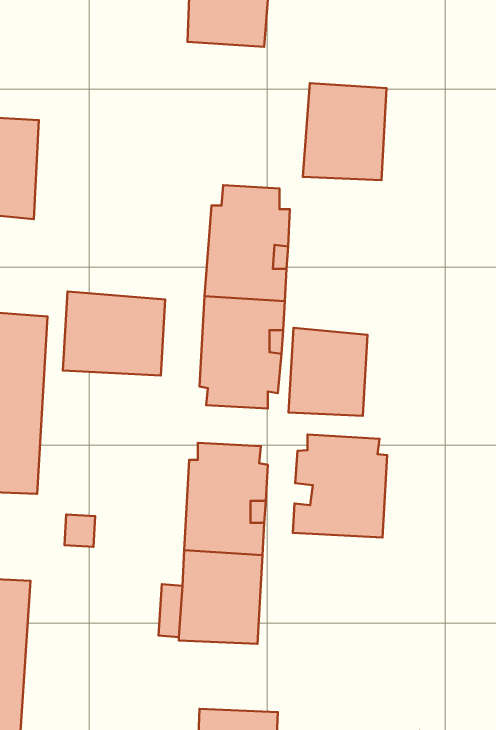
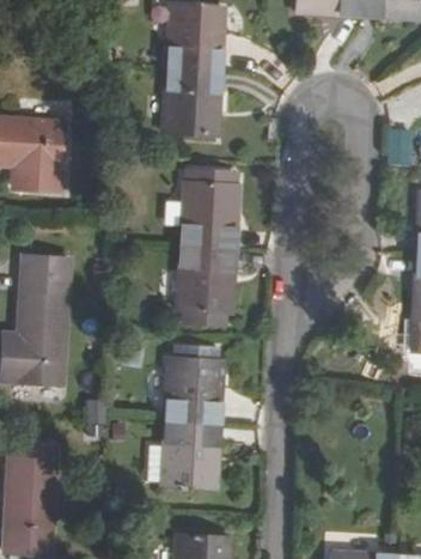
building: [303,83,387,180] -> [163,67,221,135]
building: [63,292,165,375] -> none
building: [289,328,367,416] -> none
building: [293,435,387,537] -> none

